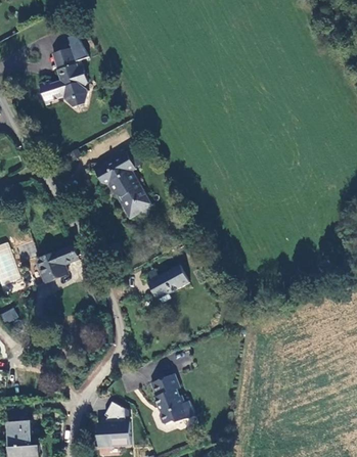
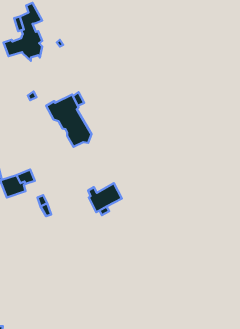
building: [149,372,195,423] -> none
building: [98,400,131,444] -> none

